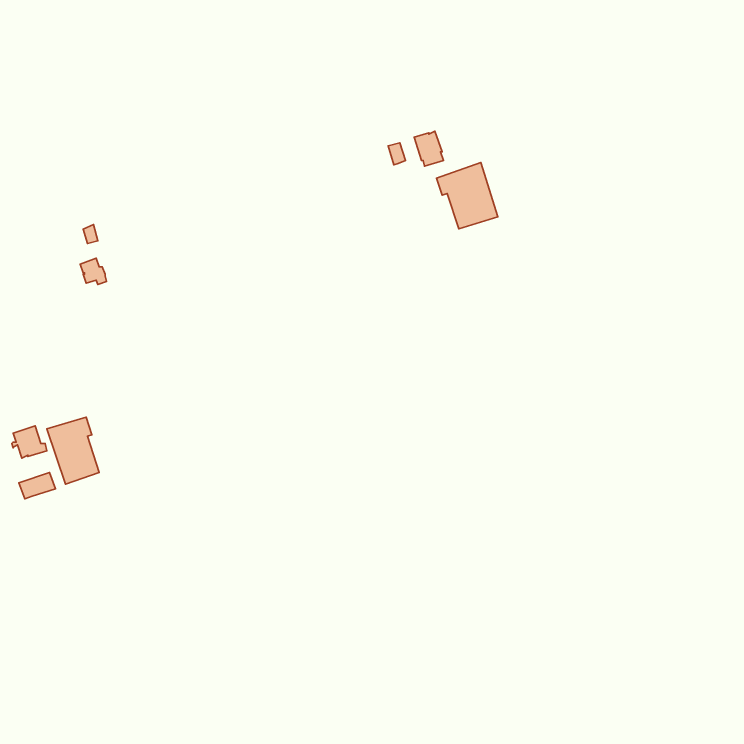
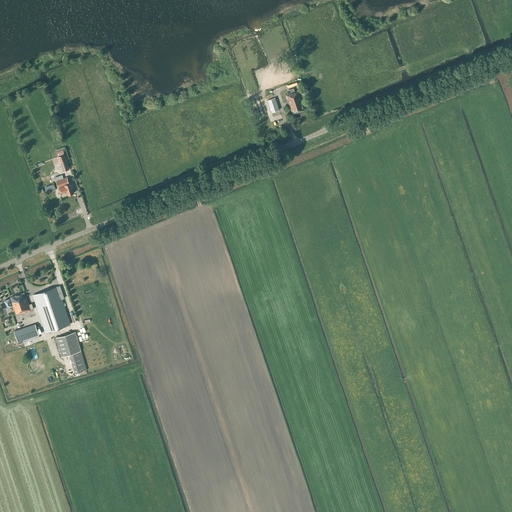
building: [437,163,498,229] -> none
building: none -> [55,333,86,374]

